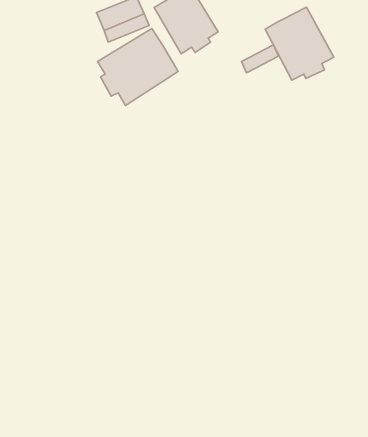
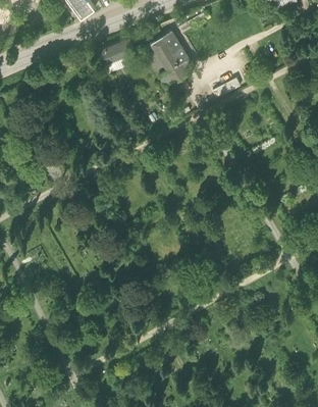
building: [265,7,334,80] -> none
building: [98,28,178,105] -> none

